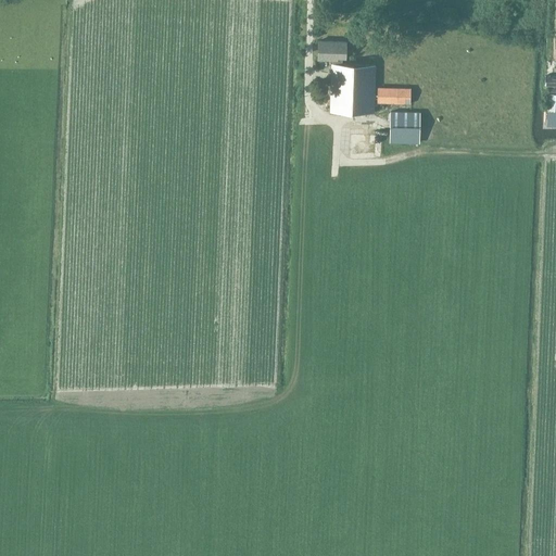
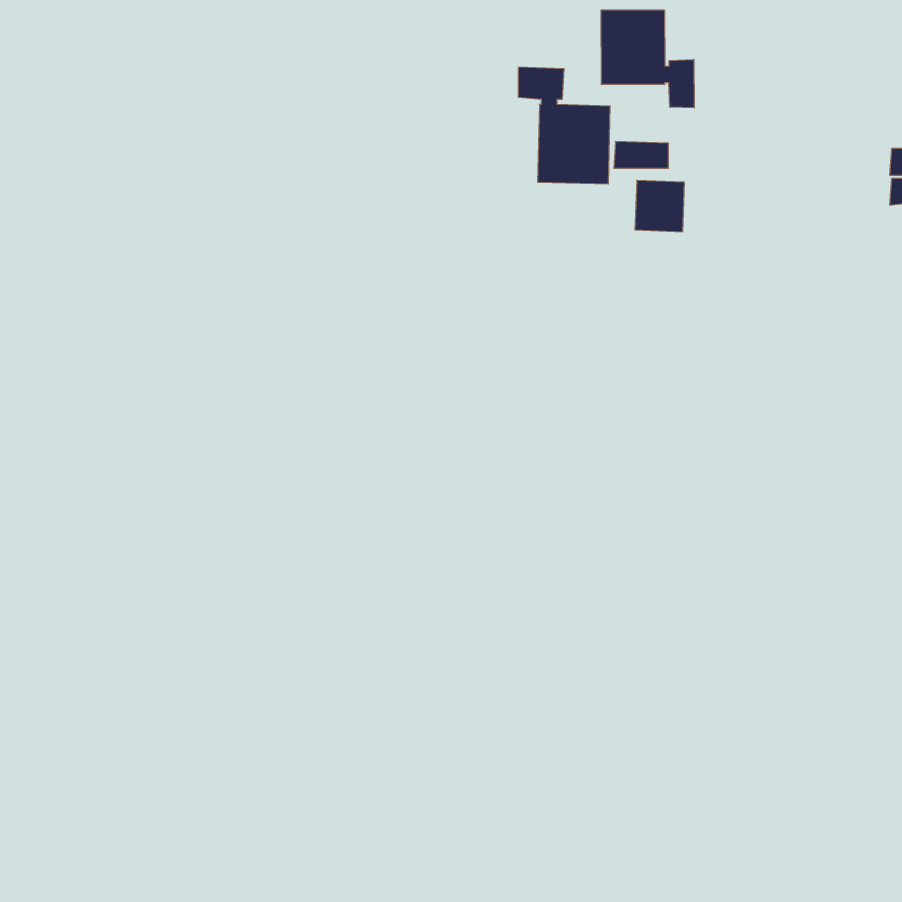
building: none -> [601,10,694,108]

